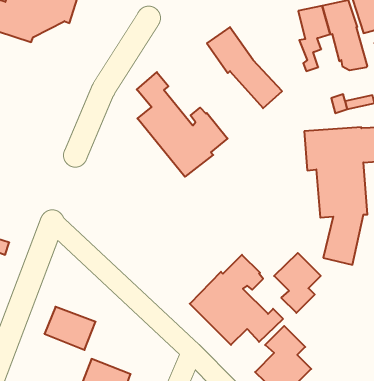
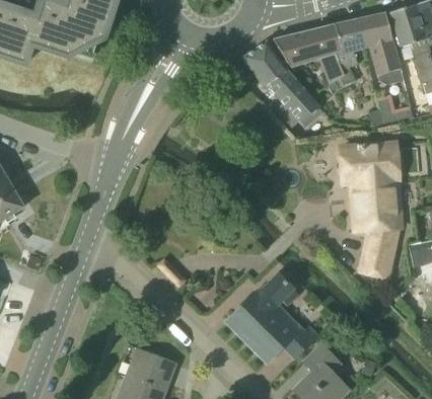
building: none -> [274,24,344,84]
building: [137,72,228,177] -> none
building: [274,253,321,313] -> none
building: [44,307,96,350] -> [126,347,177,391]

